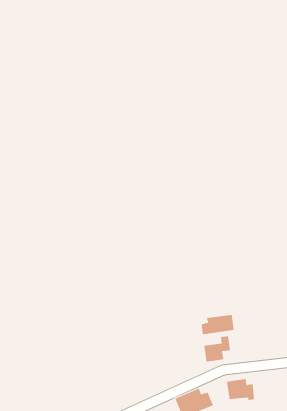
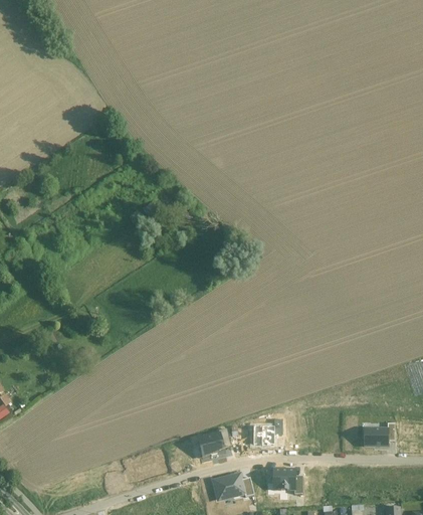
building: [201,314,234,335] -> none
building: none -> [197,427,229,459]

